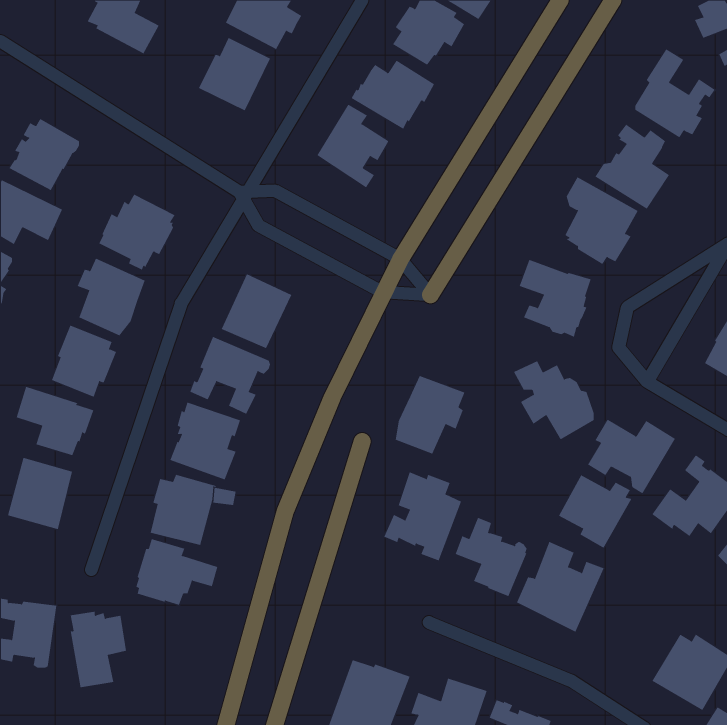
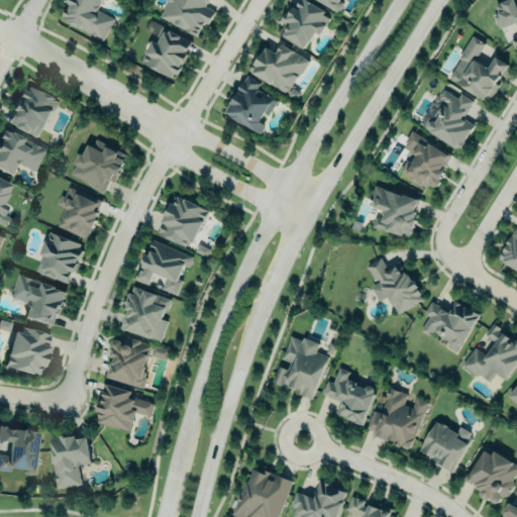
building: [395,375,465,455] -> none
building: [558,475,632,549] -> [420,422,473,475]

